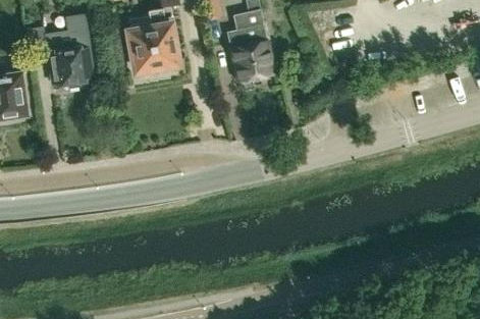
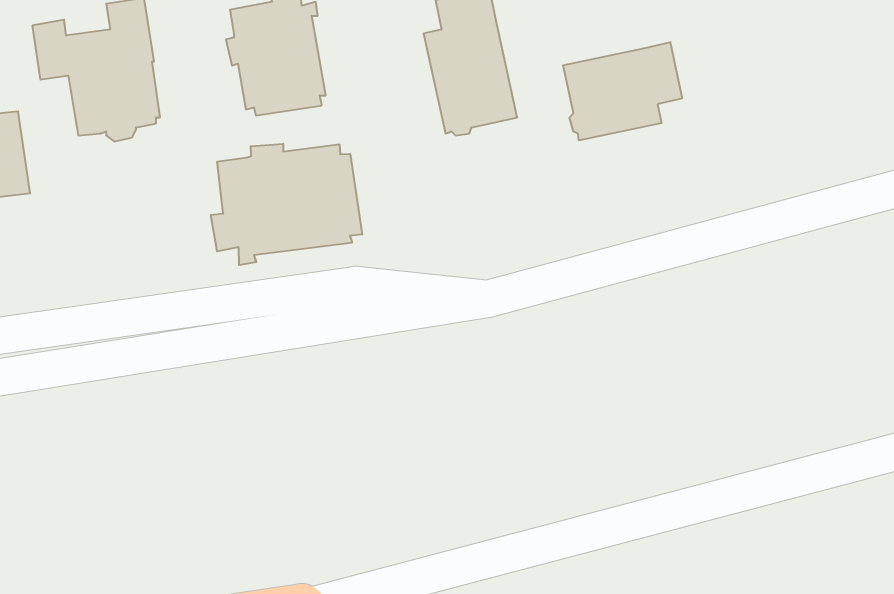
building: none -> [563,42,682,140]
building: none -> [211,144,362,265]

